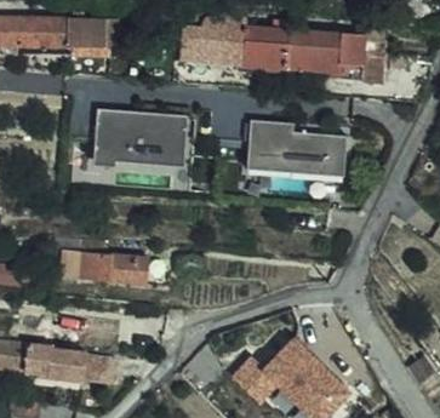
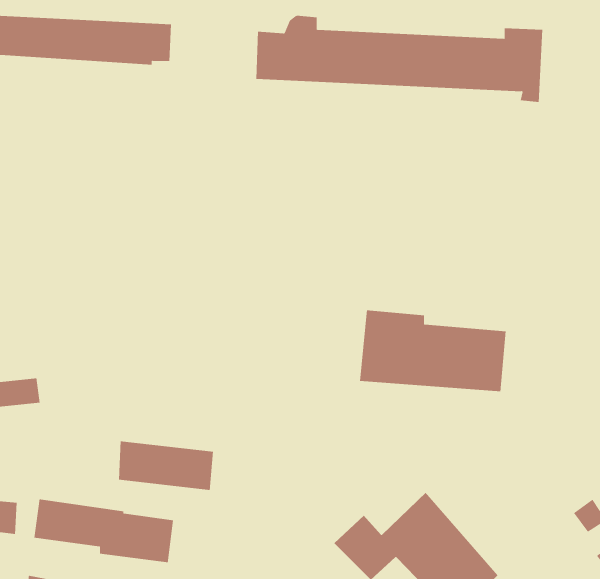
building: [93,110,185,166] -> none
building: [247,121,348,177] -> [359,310,506,392]
building: [75,256,141,290] -> [118,441,214,491]

